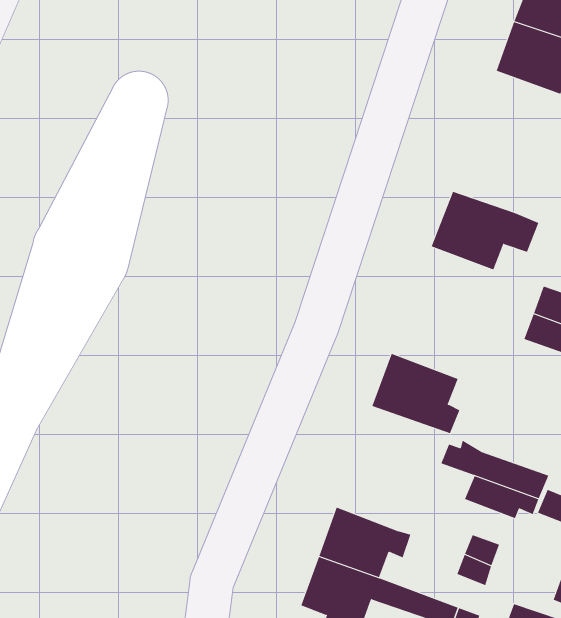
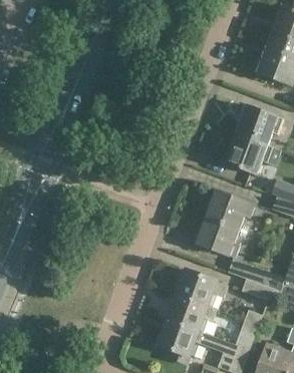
building: none -> [235,104,283,144]
building: none -> [204,190,254,229]
building: none -> [176,269,227,306]

